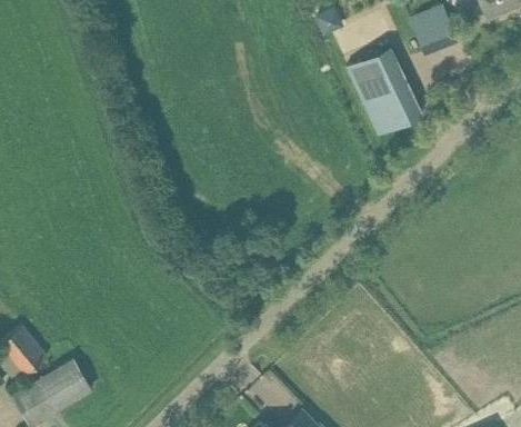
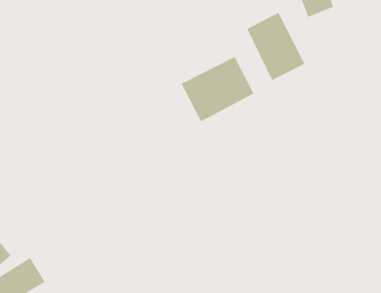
building: none -> [181,56,254,122]

